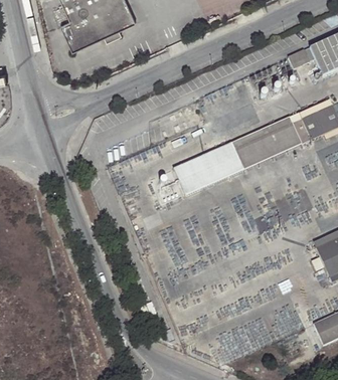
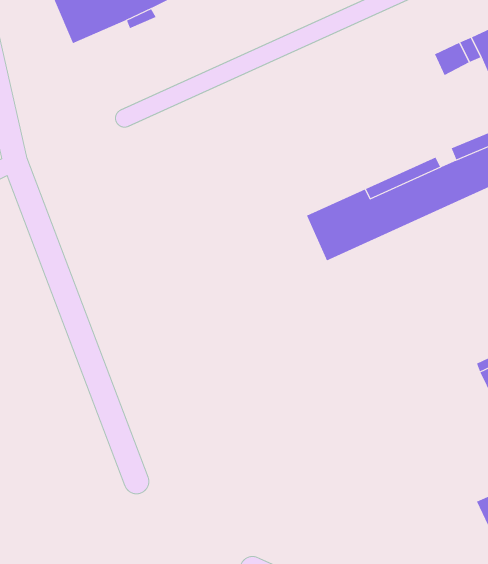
building: [180,153,222,193] -> none

